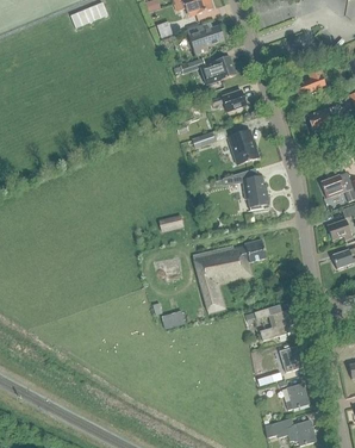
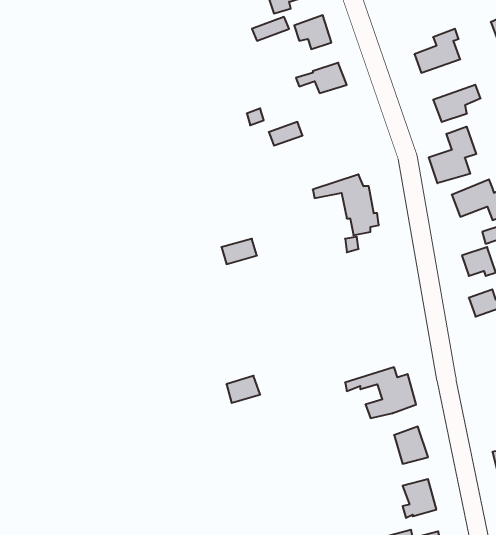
building: [228,129,257,163] -> none
building: none -> [429,127,476,183]
building: [192,239,264,312] -> none

